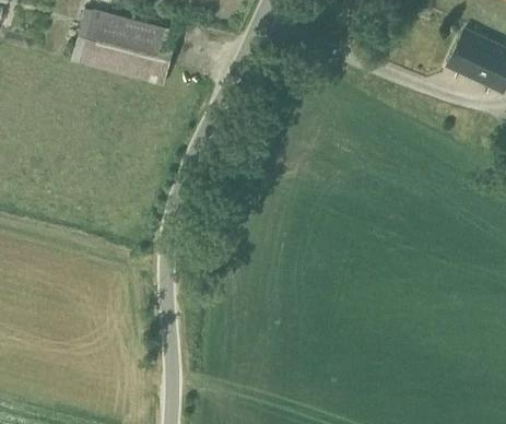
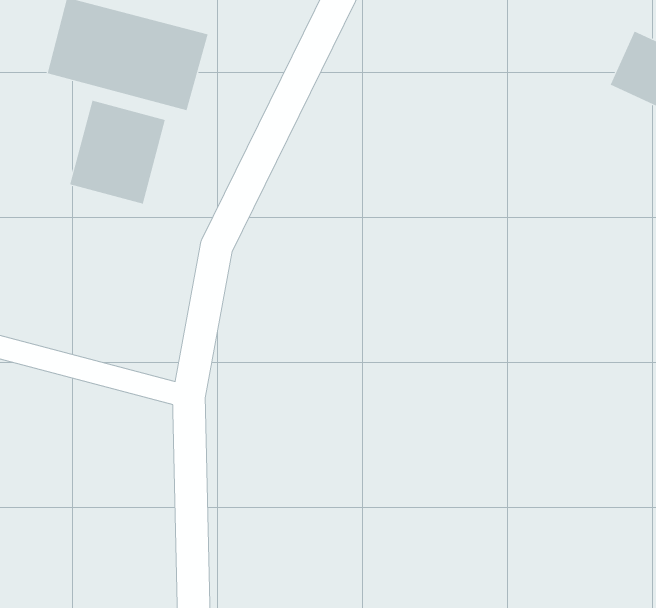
building: none -> [70,100,166,205]

